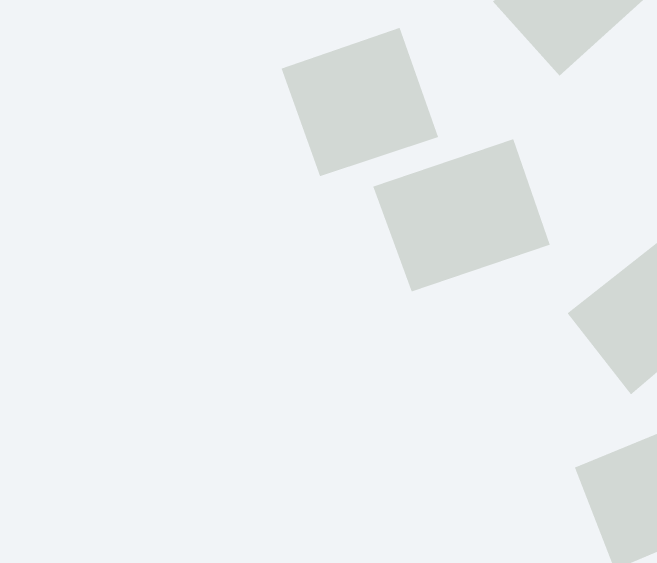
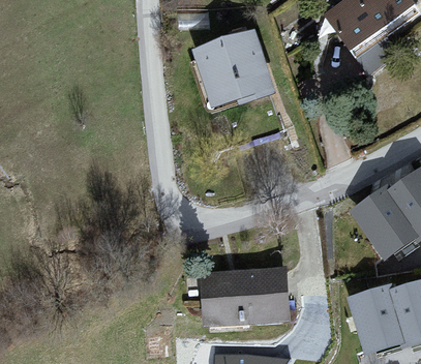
building: [372,138,551,292] -> none
building: none -> [197,257,294,331]

